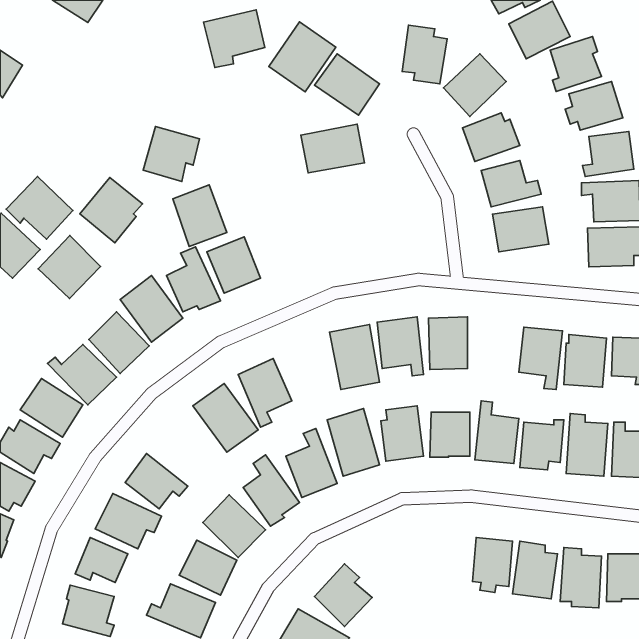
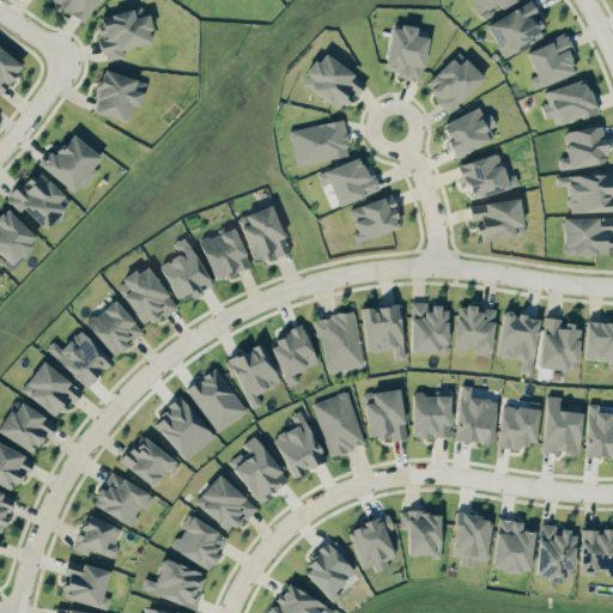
building: [204,10,265,67] -> [96,6,154,61]
building: [269,22,336,92] -> none
building: [143,126,199,182] -> [92,71,146,123]
building: none -> [317,158,380,206]
building: [80,178,142,243] -> [42,133,102,195]
building: [173,185,227,246] -> [238,205,290,263]
building: none -> [348,195,401,242]
building: [38,236,101,298] -> none
building: none -> [455,305,496,356]
building: none -> [269,328,318,388]
building: none -> [152,397,214,461]
building: none -> [400,512,441,557]
building: none -> [348,515,396,570]

